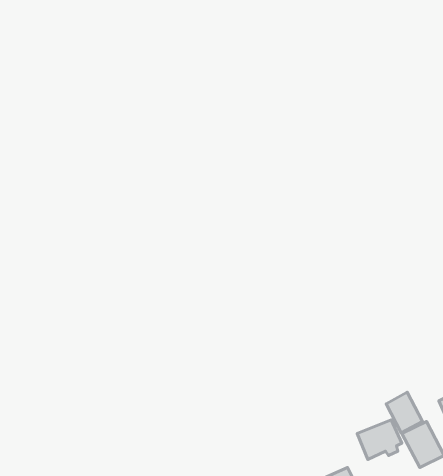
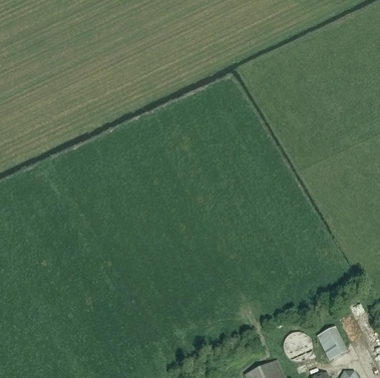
building: [386,392,422,433] -> none

